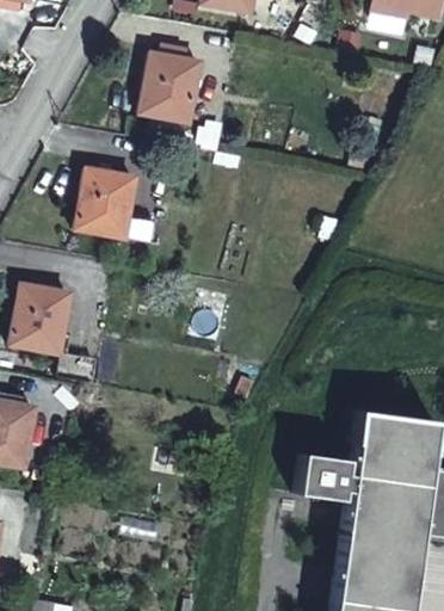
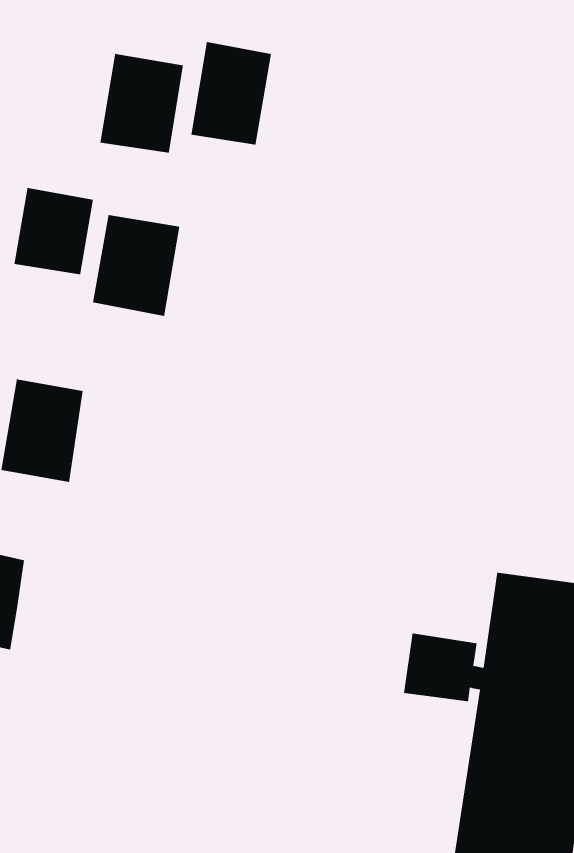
building: none -> [100,53,183,153]
building: none -> [14,187,94,275]

